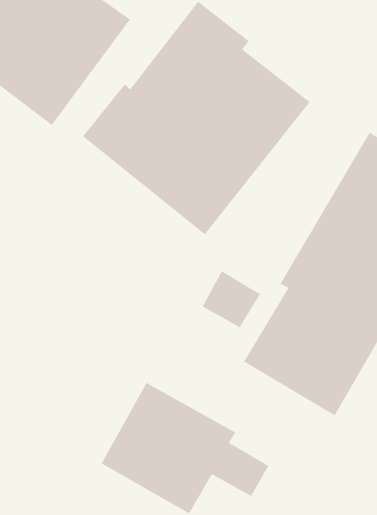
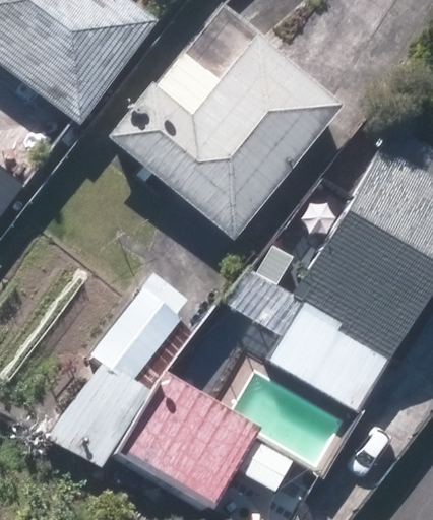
building: none -> [44,274,193,464]

